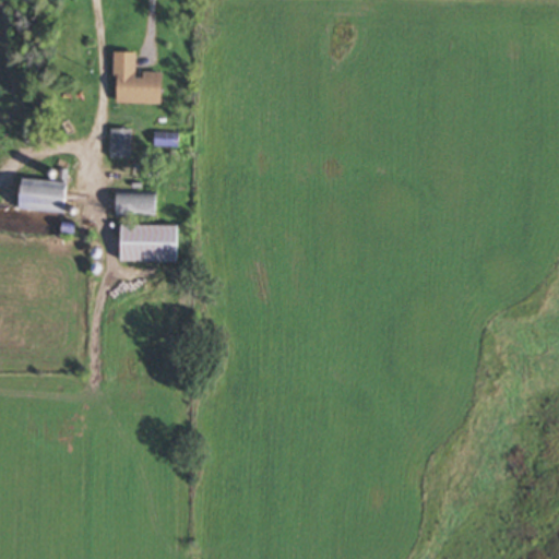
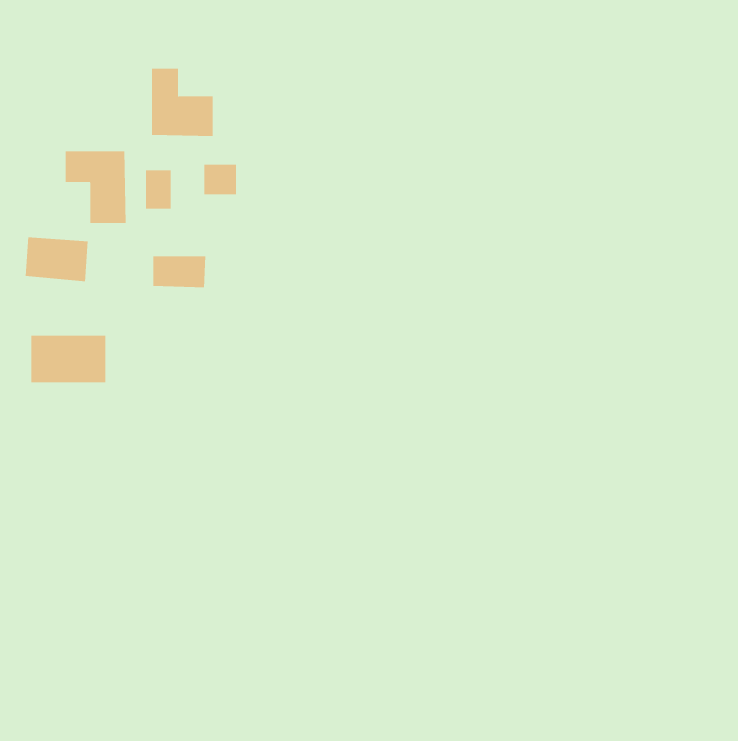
building: none -> [65,150,126,224]
building: [120,224,177,260] -> [30,335,106,383]

